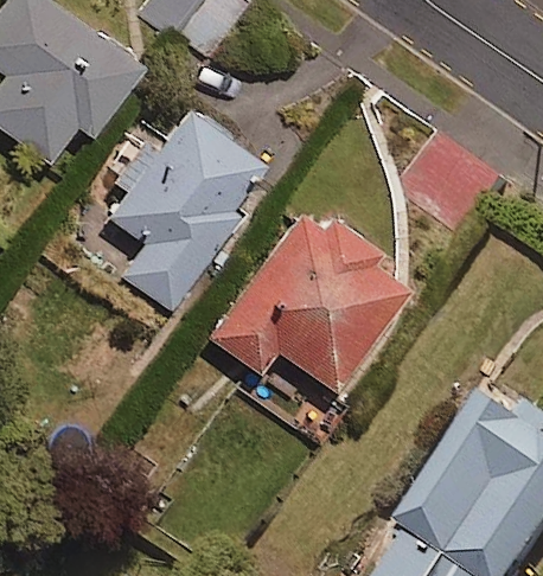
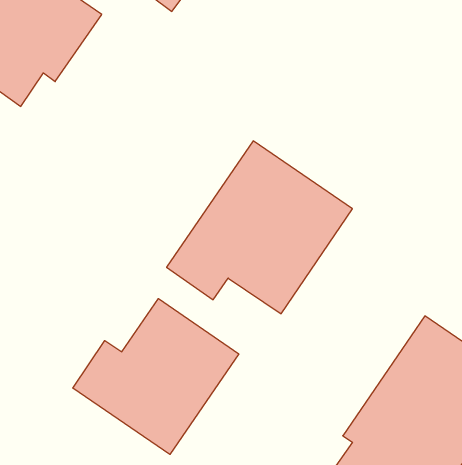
building: [110,109,260,311] -> none
building: none -> [73,299,239,454]

